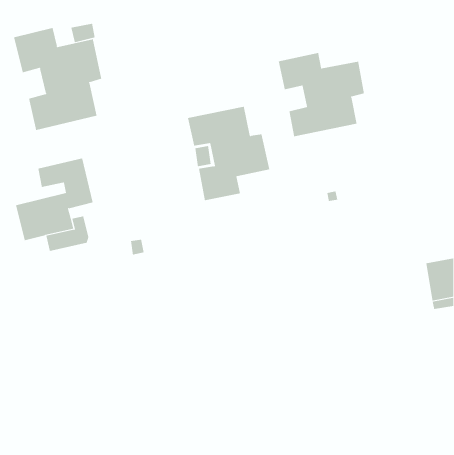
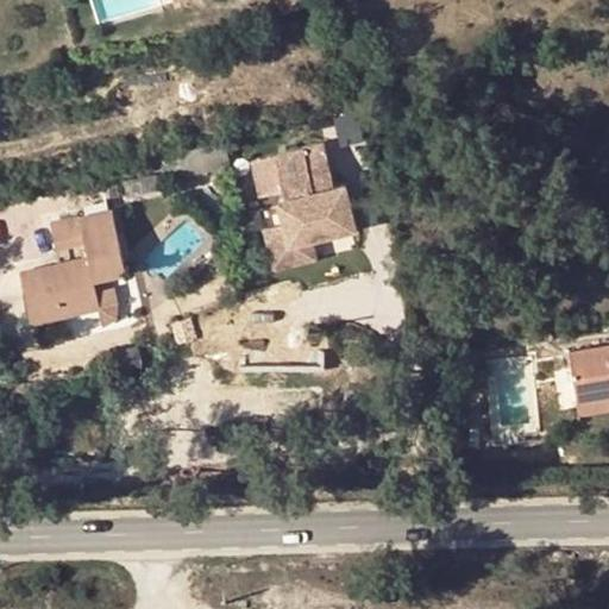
building: [14,27,102,131] -> none
building: [278,52,364,137] -> none

